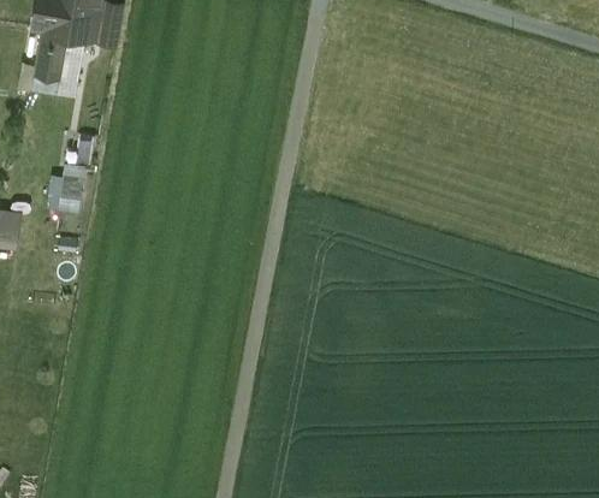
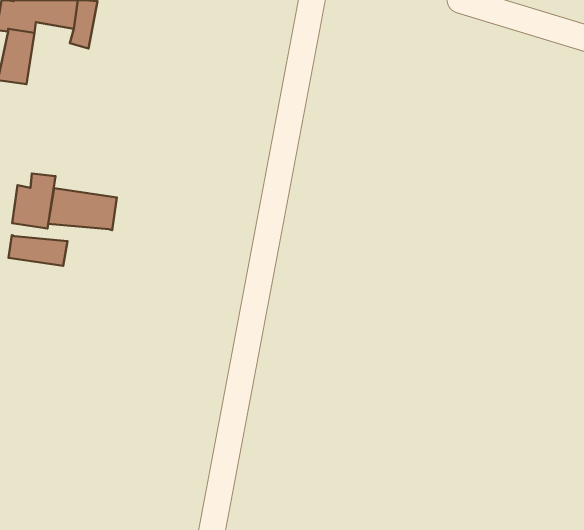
building: none -> [48,188,117,230]
building: none -> [8,235,67,266]

